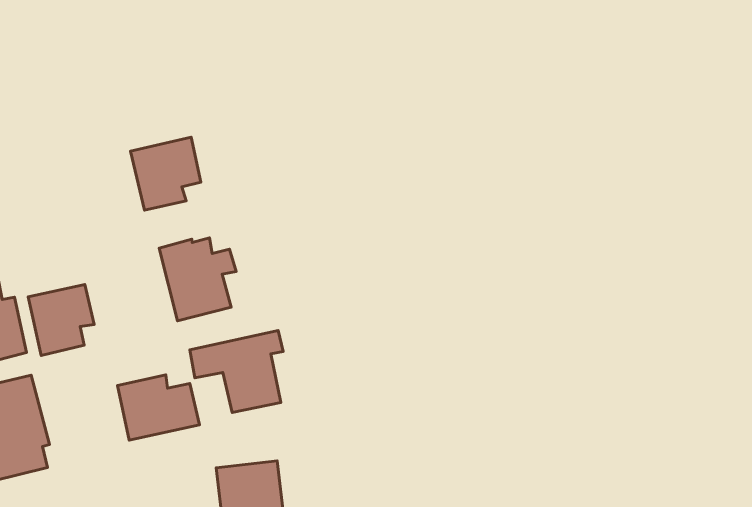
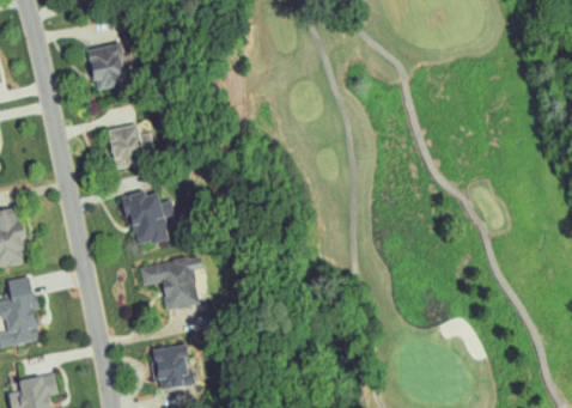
building: none -> [86,41,133,90]
building: [28,284,94,355] -> none
building: [118,375,200,440] -> none

